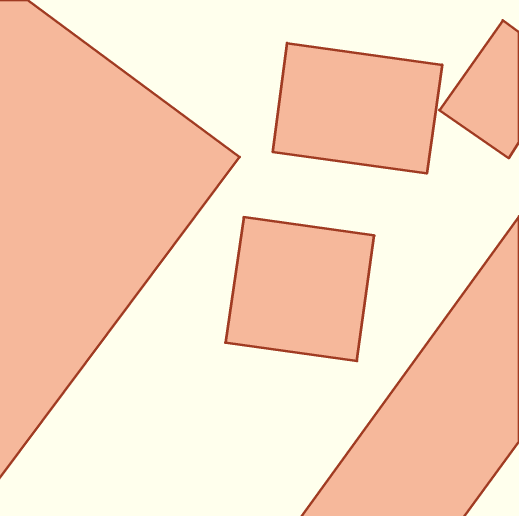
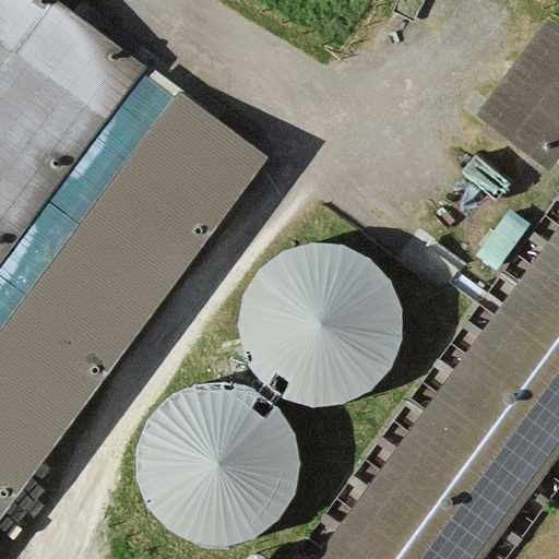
building: [273,43,442,173] -> none
building: none -> [130,370,316,548]

